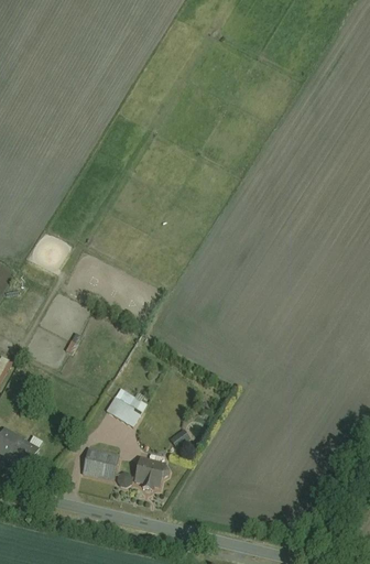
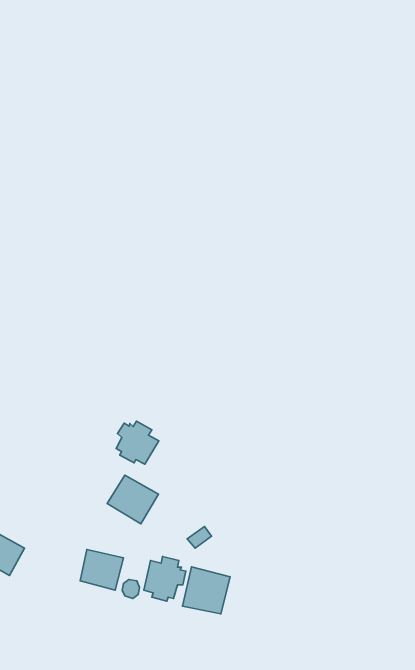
building: none -> [116,421,159,464]
building: none -> [183,567,230,614]

